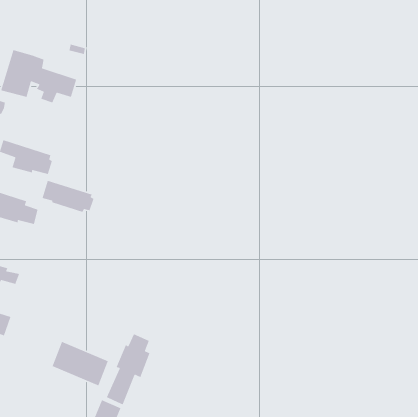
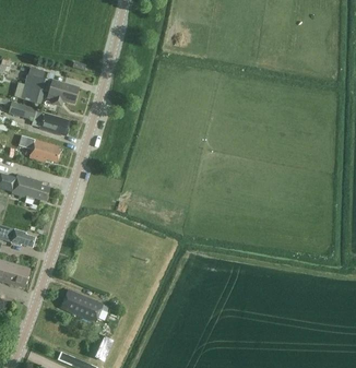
building: [42,180,94,213] -> [31,110,71,135]
building: [106,333,151,405] -> none

